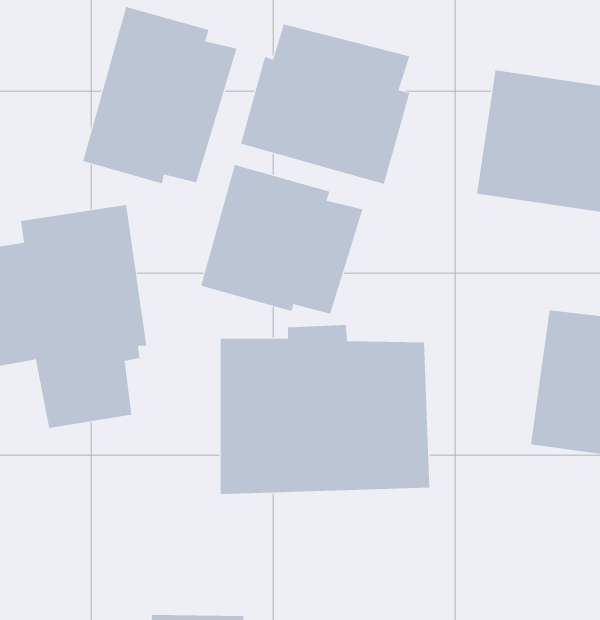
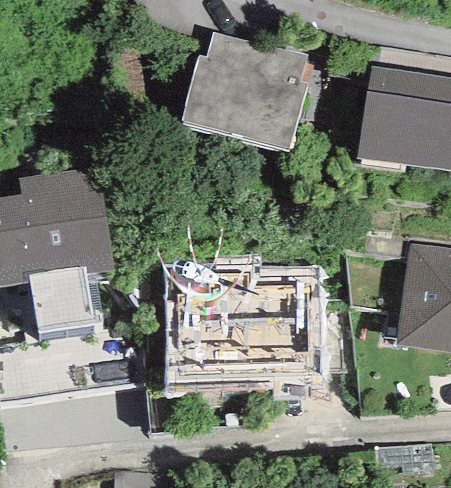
building: [82,6,237,184] -> none
building: [200,164,363,314] -> none

